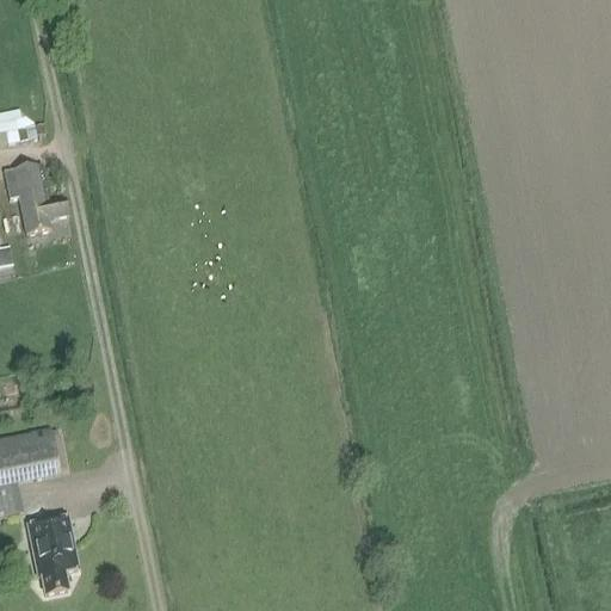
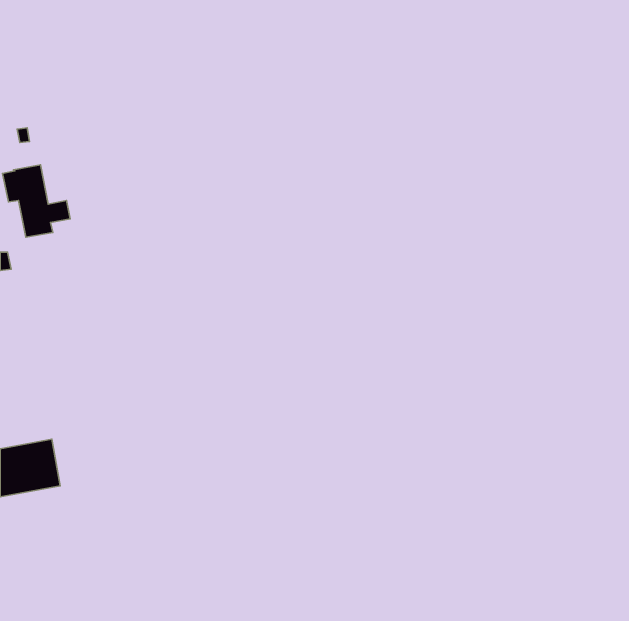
building: [27,513,78,591] -> none

